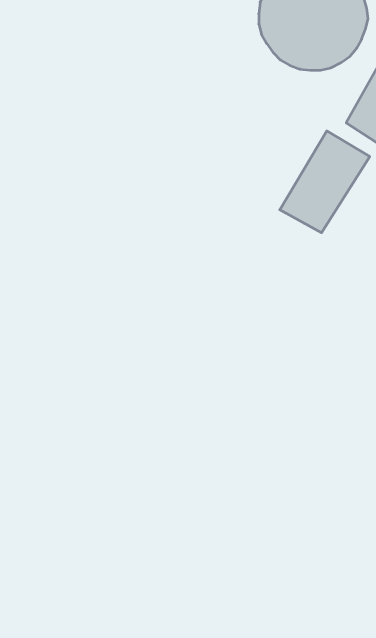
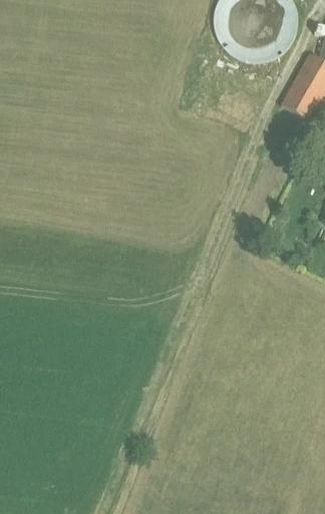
building: [280,131,370,233] -> none

